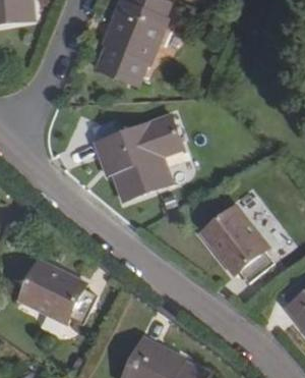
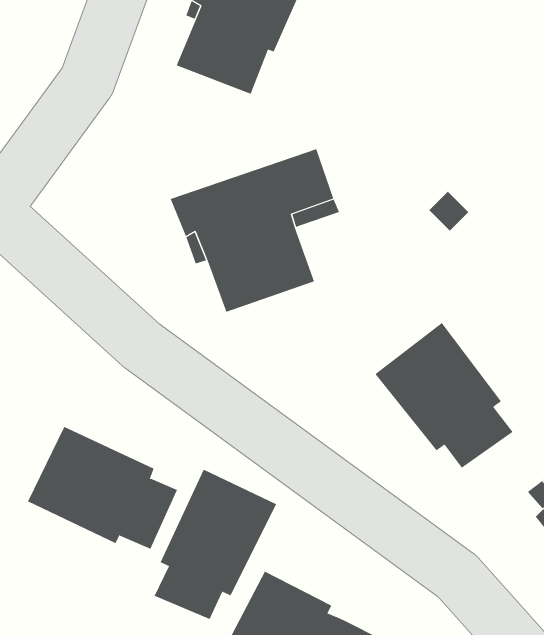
building: none -> [154,469,277,620]

